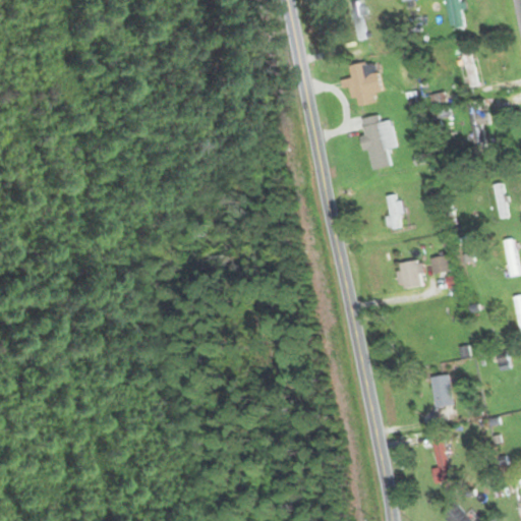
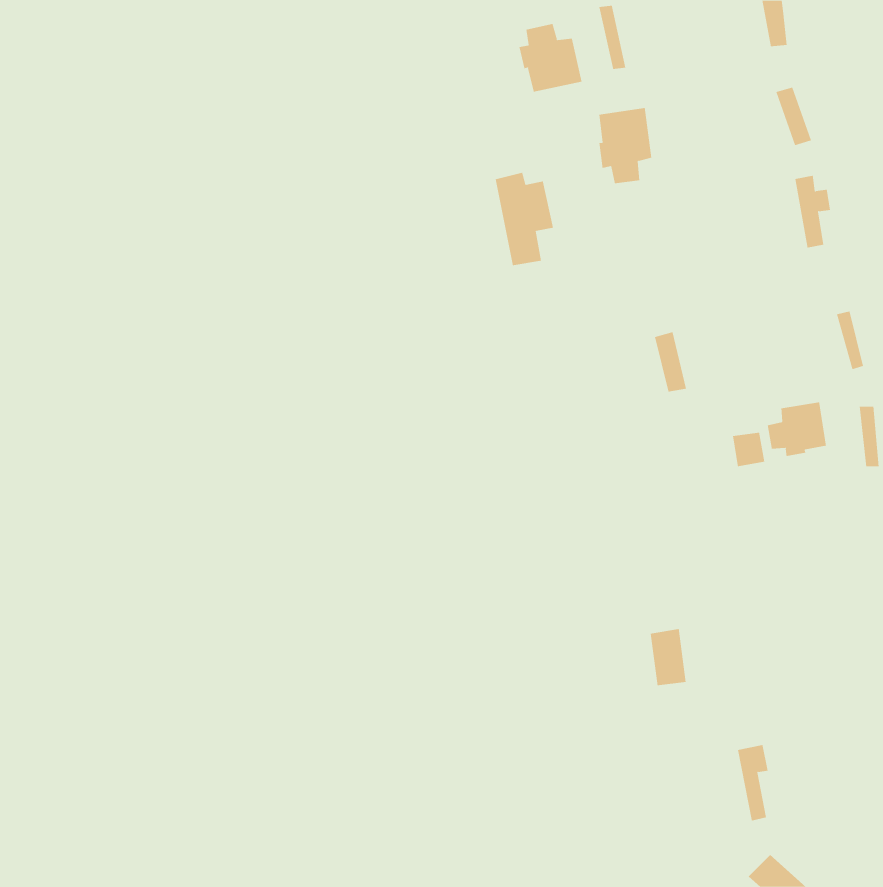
building: none -> [519,23,582,92]
building: [363,116,398,171] -> [495,172,554,266]
building: none -> [767,401,827,457]
building: [398,258,423,288] -> none
building: [430,373,452,407] -> [650,628,686,686]

